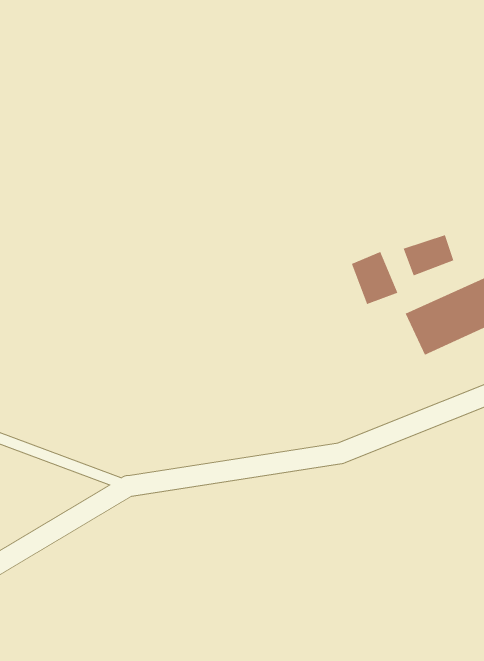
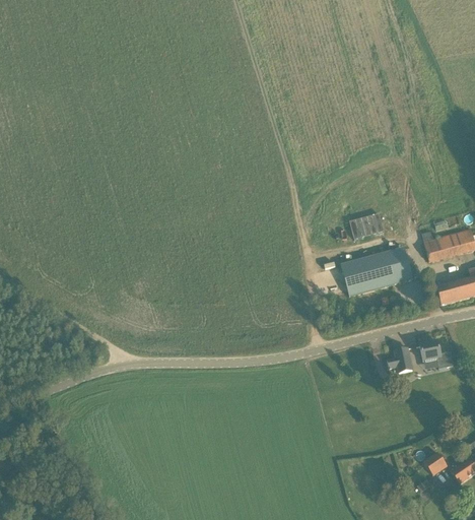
building: [351,251,398,305] -> none

